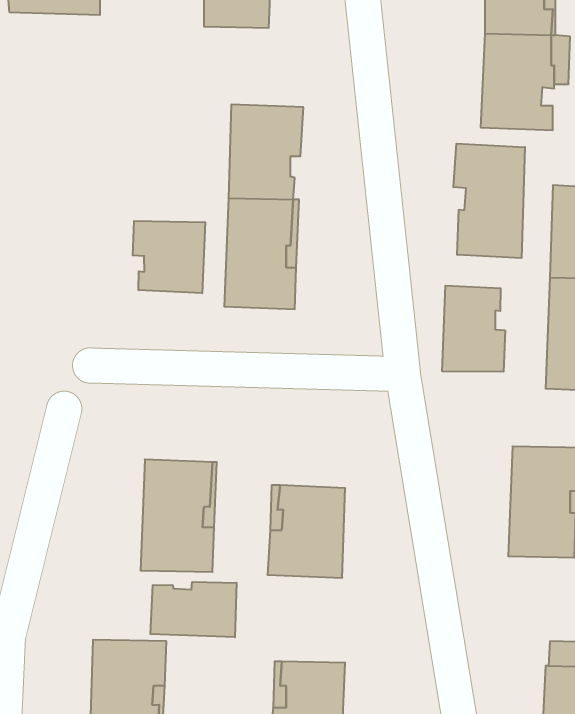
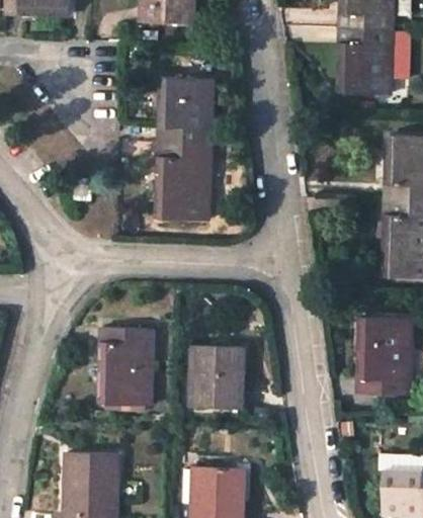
building: [453,144,525,258] -> none
building: [133,221,205,293] -> none
building: [442,286,505,372] -> none
building: [150,582,236,637] -> none

